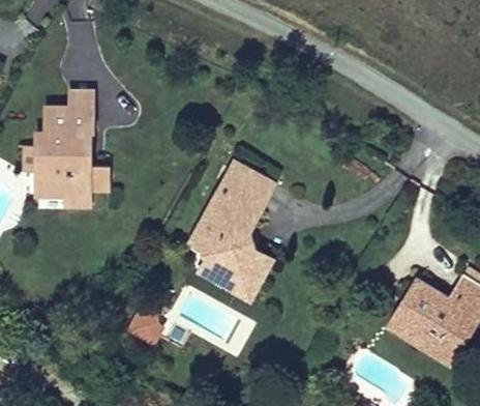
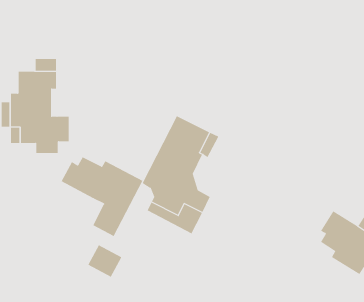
building: none -> [61,156,143,237]
building: [392,300,456,362] -> none

